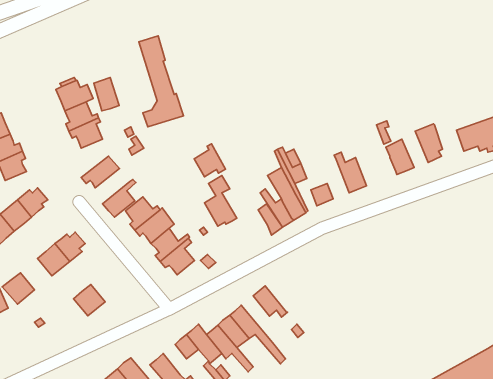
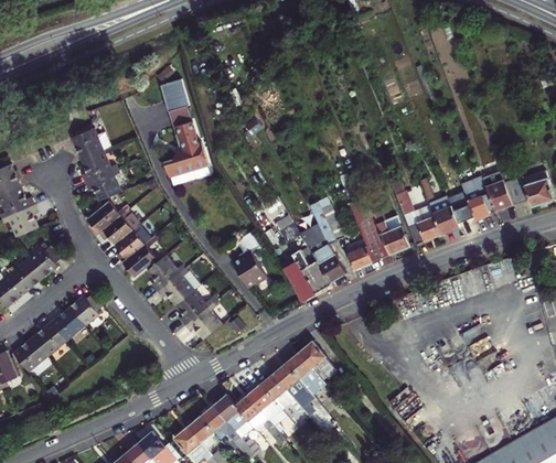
building: [94,77,119,111] -> none
building: none -> [483,171,515,212]
building: none -> [445,179,477,224]
building: none -> [398,191,441,238]
building: [194,144,226,177] -> none
building: none -> [86,202,128,235]
building: none -> [357,215,391,259]
building: none -> [114,225,151,263]
building: none -> [299,342,335,381]
building: [74,285,105,316] -> [32,323,66,357]
building: none -> [272,364,311,414]
building: none -> [188,417,215,450]

